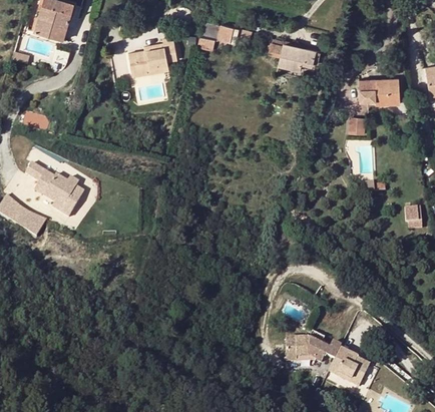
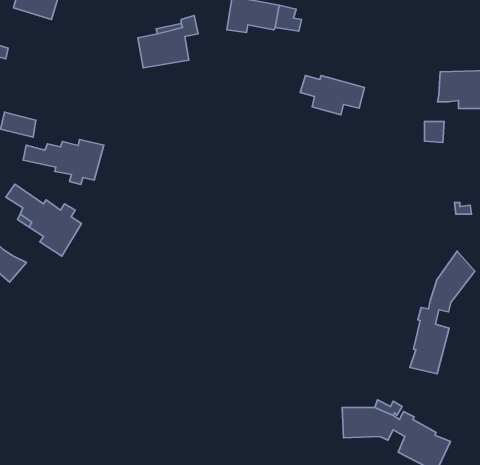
building: [267,41,316,71] -> [300,76,364,115]
building: none -> [23,139,104,184]
building: none -> [410,251,475,374]

